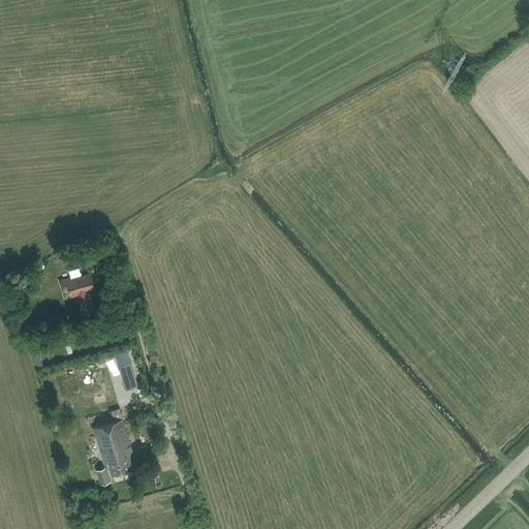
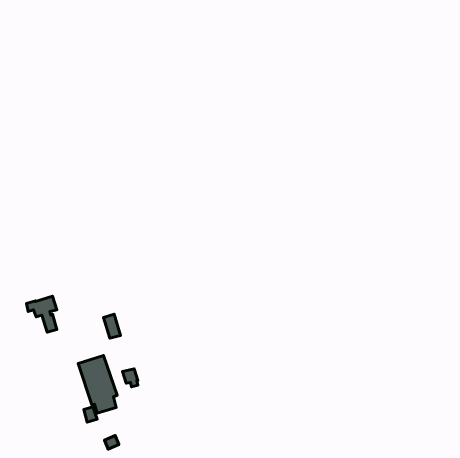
building: [60,275,95,316] -> [26,296,57,332]

